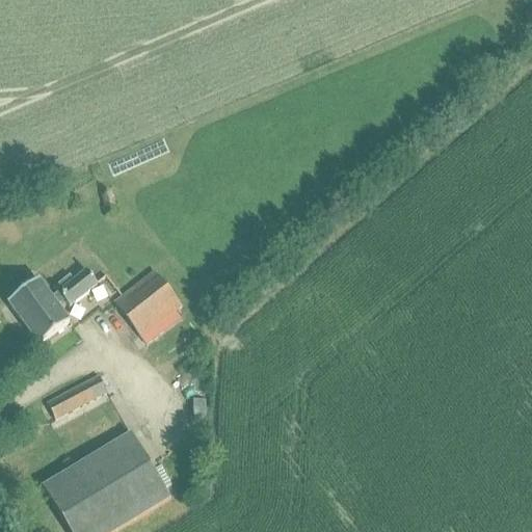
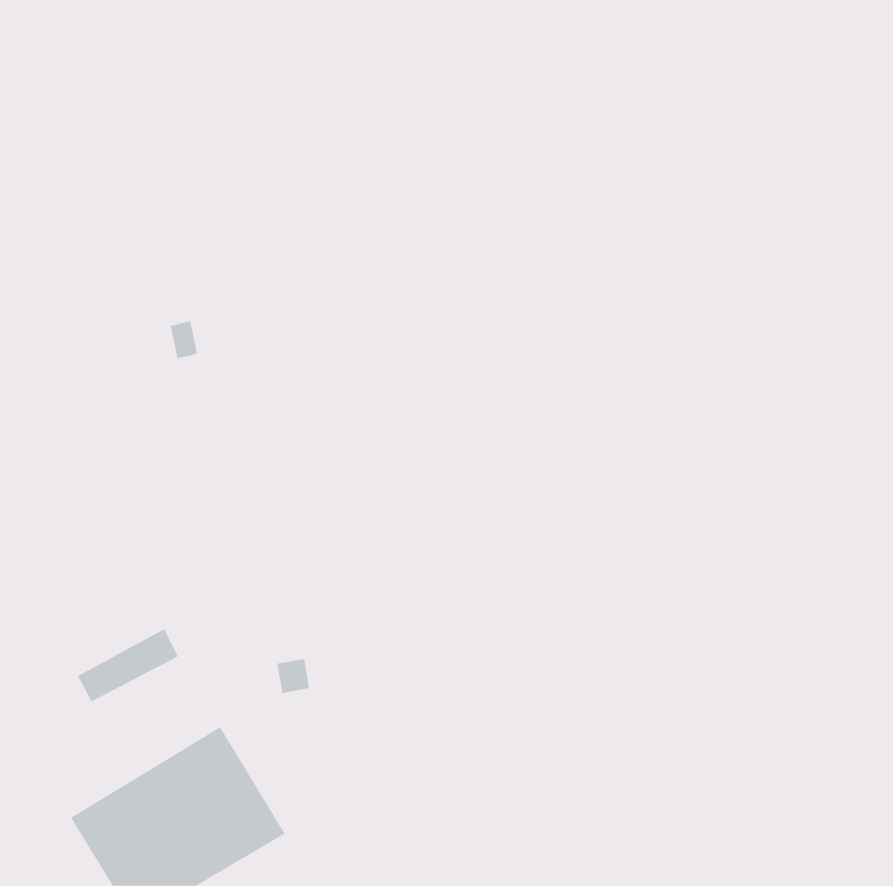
building: [8,267,98,342] -> none
building: [115,269,181,341] -> none

